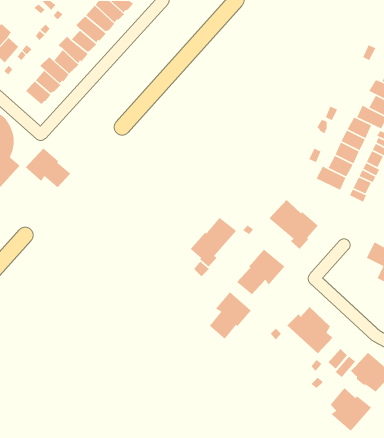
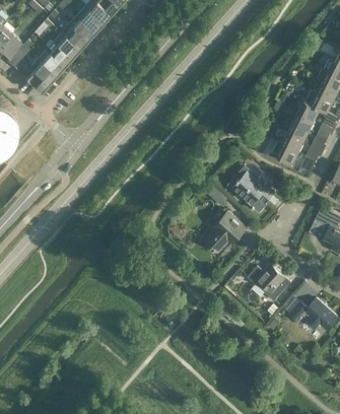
building: [25,147,71,188] -> none
building: [190,217,237,268] -> none
building: [209,291,252,340] -> none
building: [330,387,372,432] -> none

